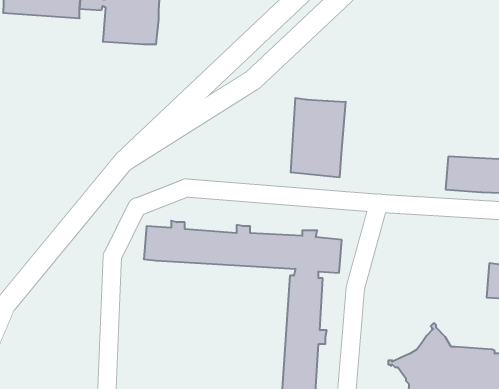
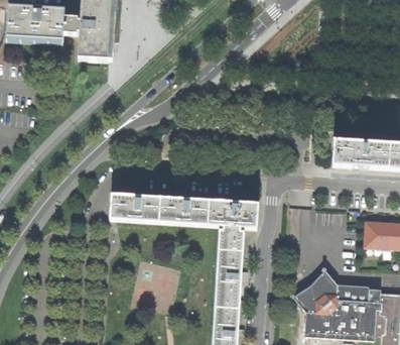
building: [291,98,346,177] -> none

